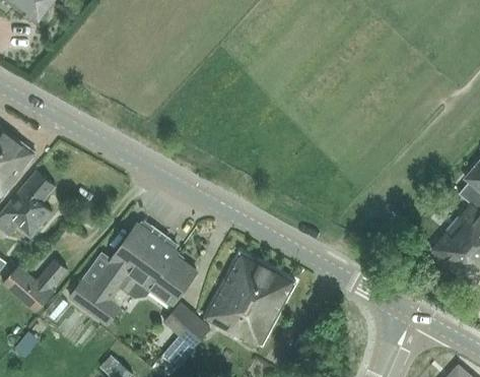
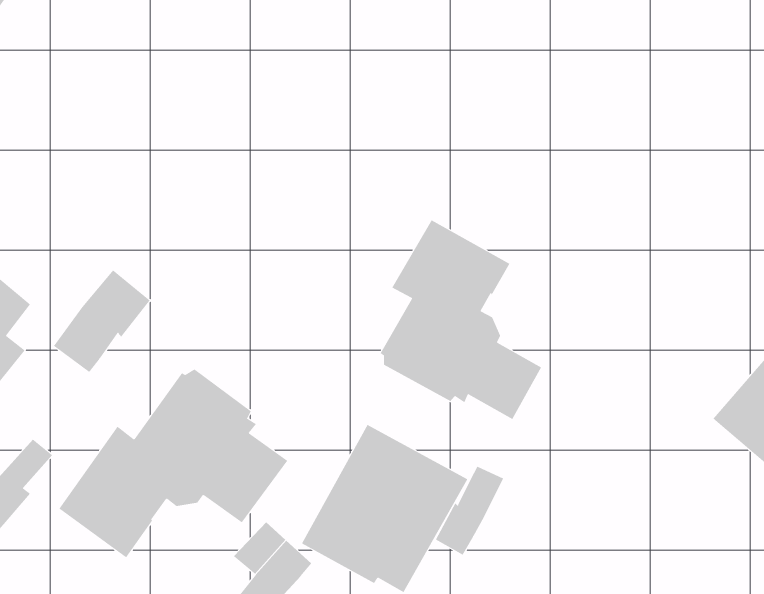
building: none -> [380,220,542,420]
building: none -> [53,270,151,373]
building: none -> [435,466,504,555]

